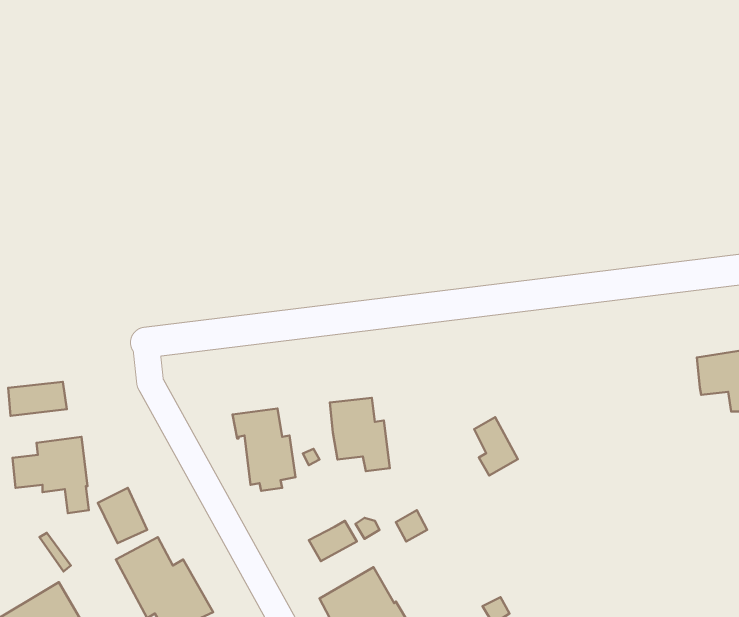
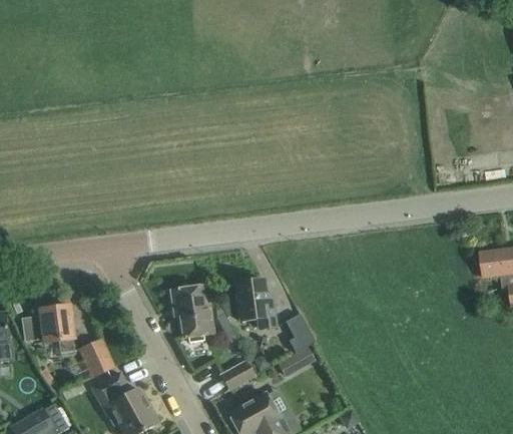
building: [8,382,67,416] -> none
building: [474,417,518,476] -> [286,313,315,352]

